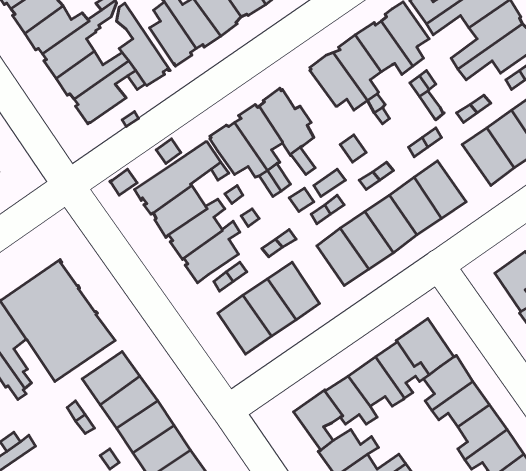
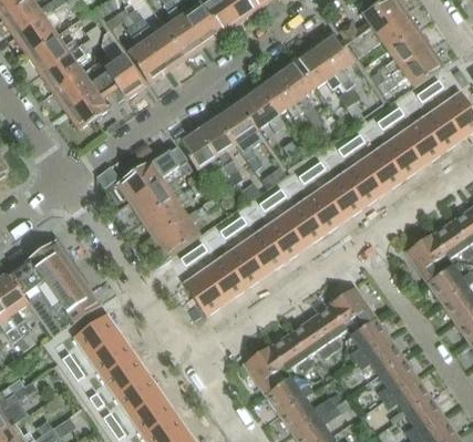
building: none -> [236,86,287,132]
building: none -> [361,146,404,193]
building: none -> [244,228,286,275]

